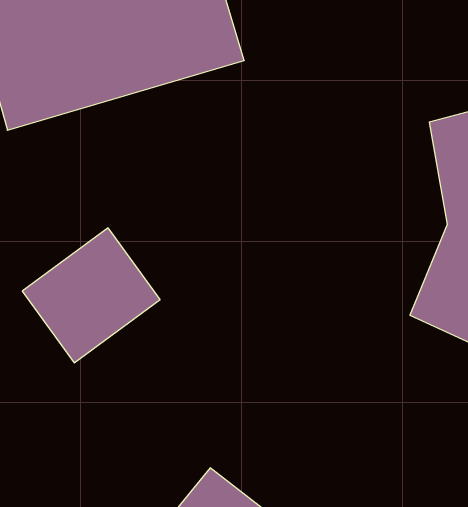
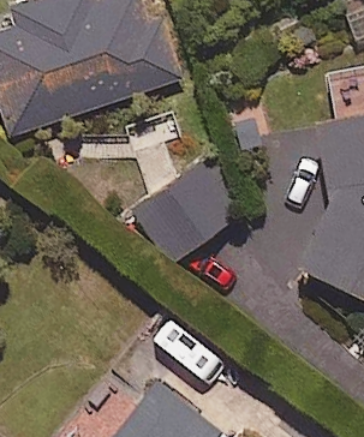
building: [22,228,160,363] -> [137,162,239,262]

